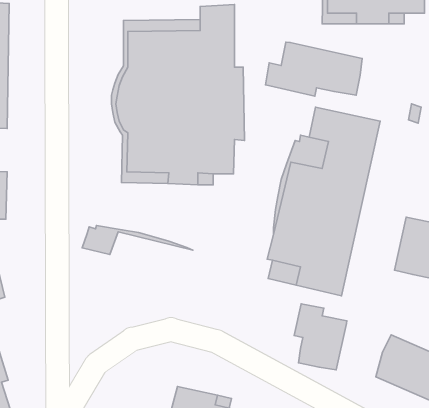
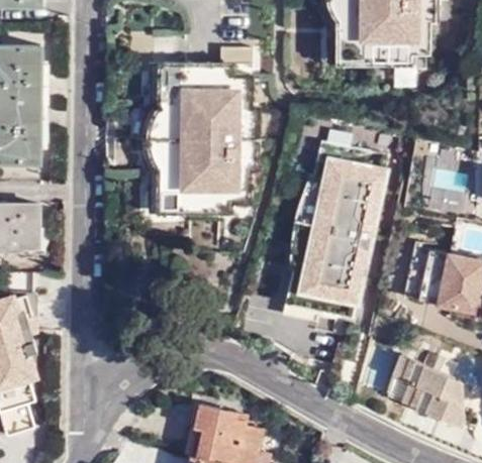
building: [265,42,362,96] -> none
building: [82,226,193,255] -> none
building: [294,304,347,370] -> none

